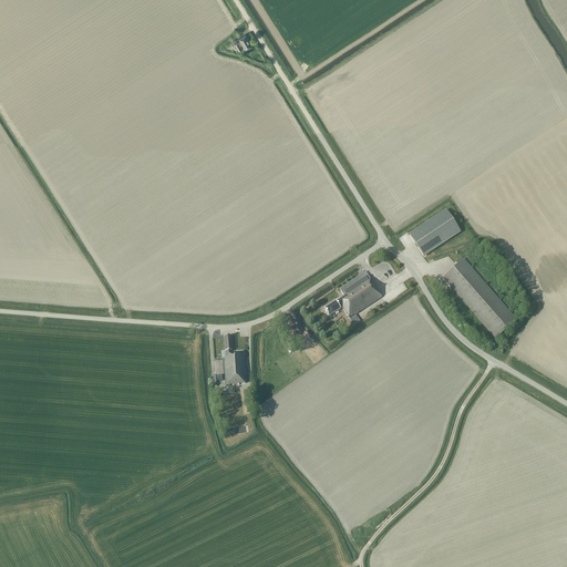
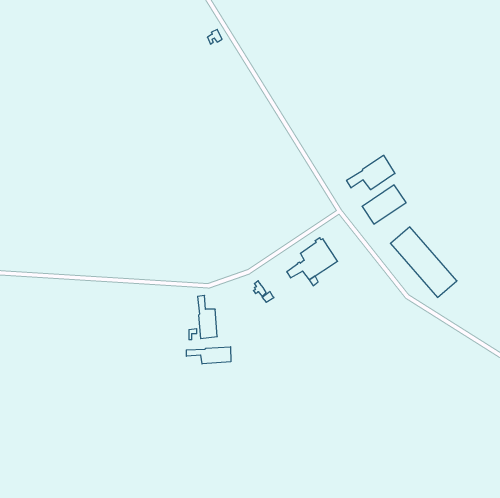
building: none -> [347,155,395,190]
building: none -> [186,347,231,364]

